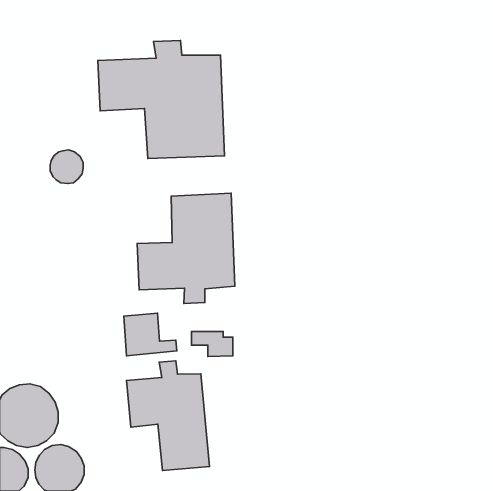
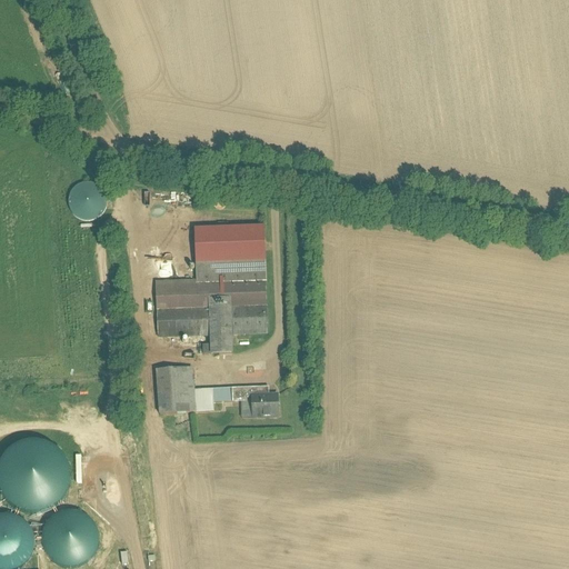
building: [98,40,225,159] -> none
building: [126,361,209,470] -> none

